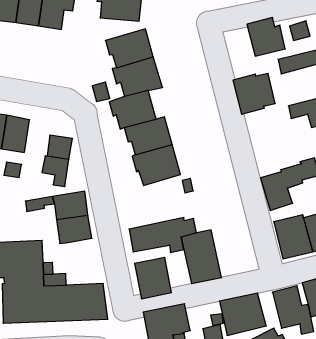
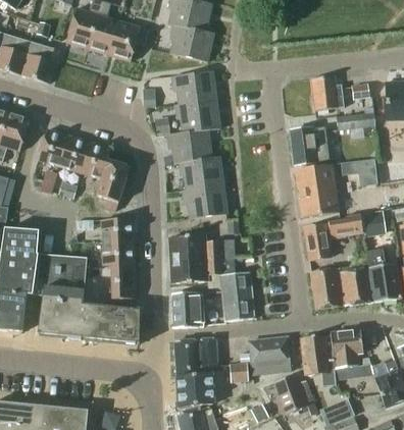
building: none -> [296,165,339,216]
building: none -> [81,143,111,179]
building: none -> [170,235,235,260]
building: none -> [111,264,136,299]

